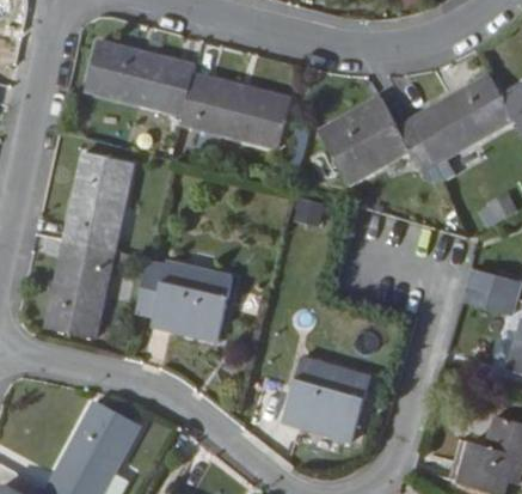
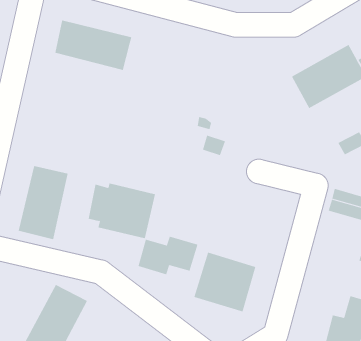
building: [184,73,293,142] -> none
building: [324,97,438,182] -> none
building: [62,154,130,251] -> none
building: none -> [138,236,198,275]

